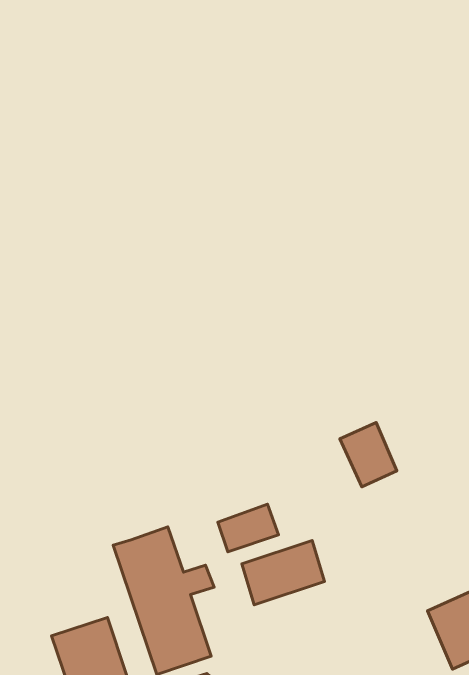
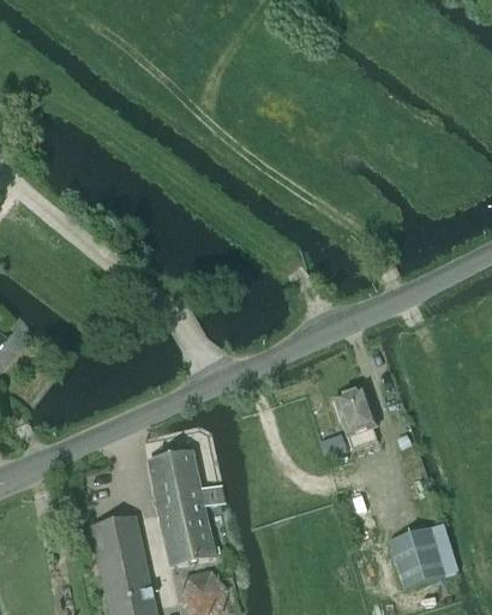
building: [218,504,278,552] -> none
building: [242,540,324,605] -> none

